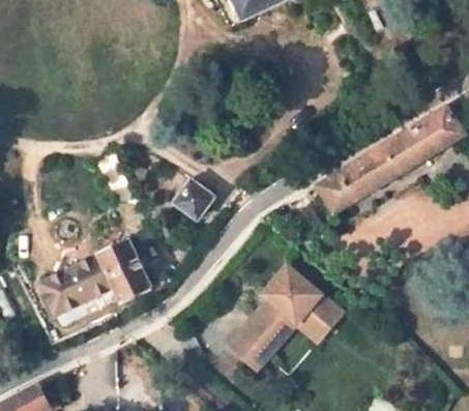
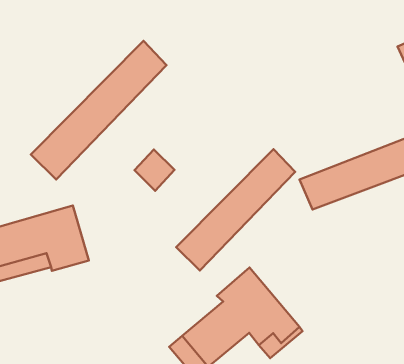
building: none -> [31,41,166,179]
building: none -> [176,149,295,271]

